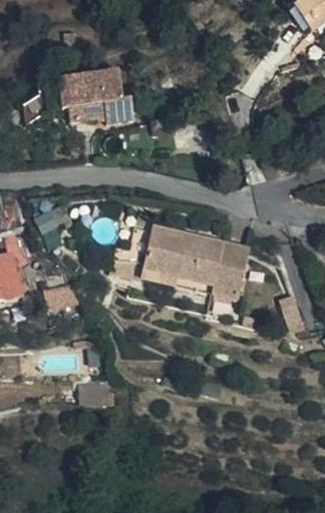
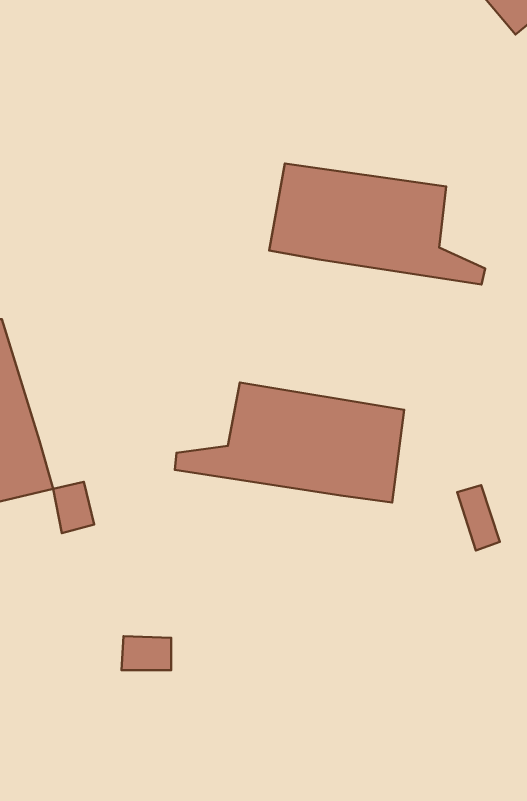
building: [58,64,132,121] -> none
building: none -> [269,163,485,285]

